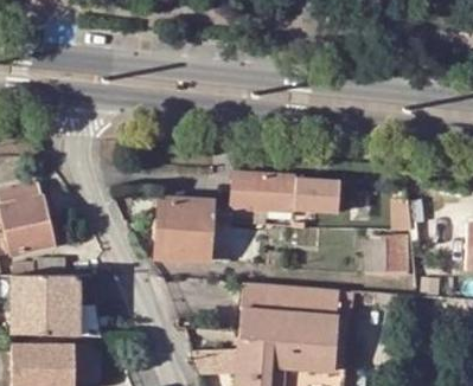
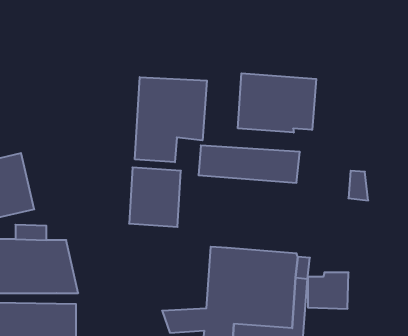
building: none -> [238,73,316,133]
building: none -> [135,77,207,162]
building: [366,234,410,274] -> [308,272,349,309]

